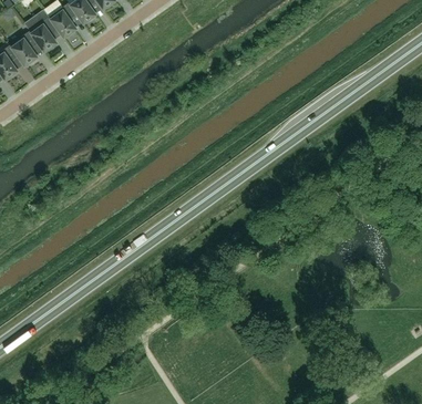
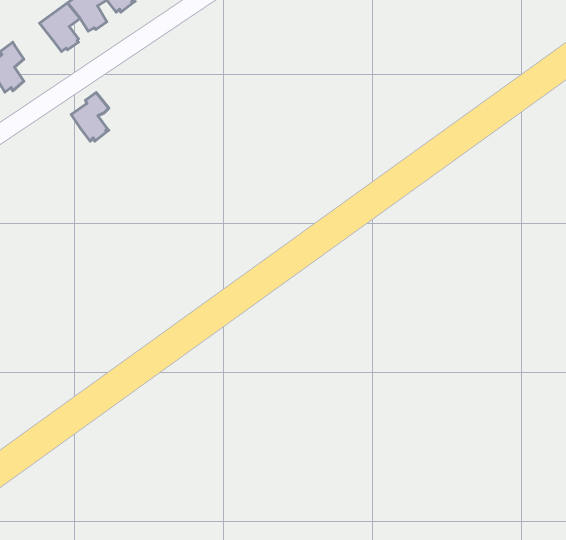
building: [11,31,38,65] -> [71,92,109,141]

